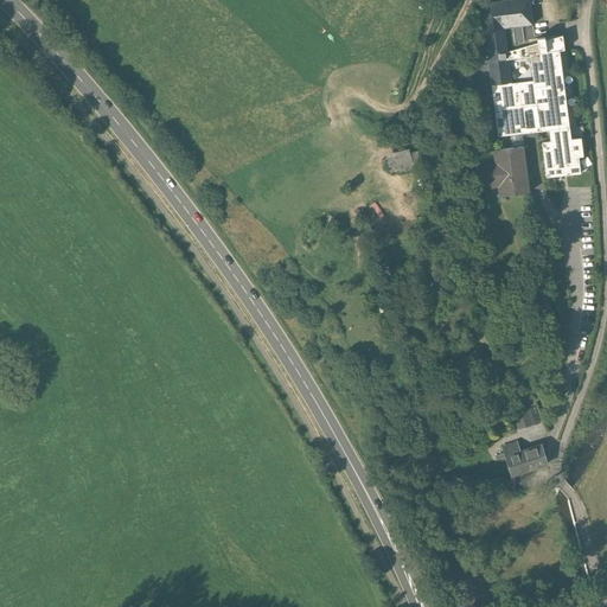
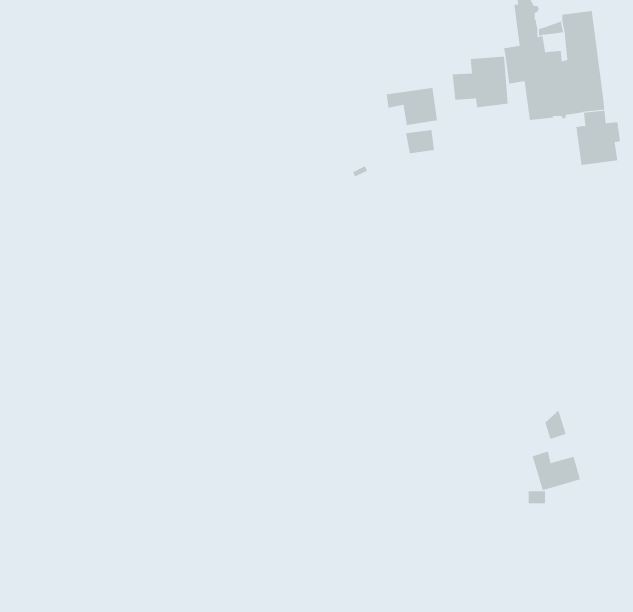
building: none -> [386,87,438,126]
building: [478,148,530,196] -> [452,56,509,108]

